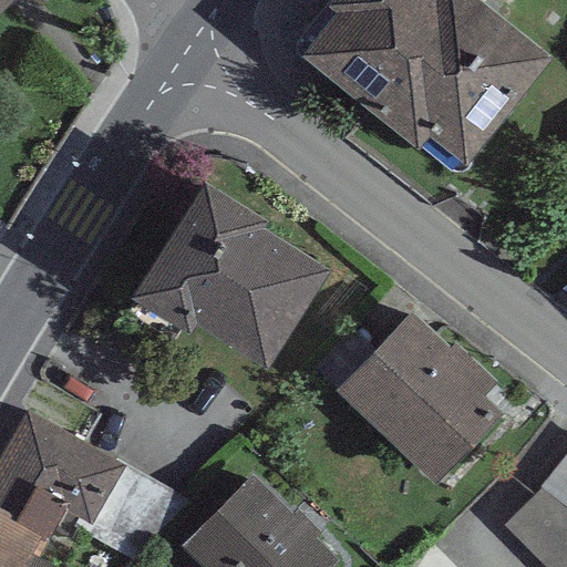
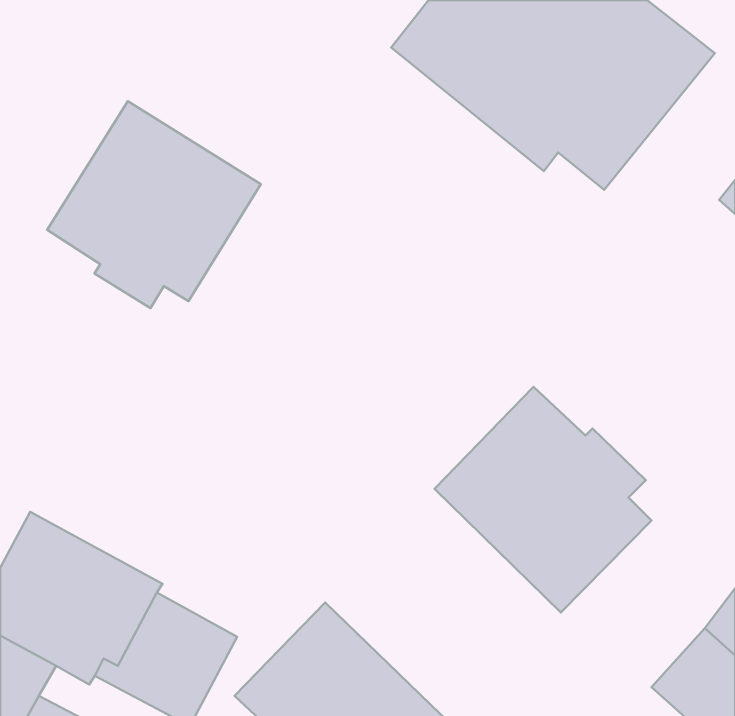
building: none -> [47,101,261,308]
building: [131,171,327,357] -> none

